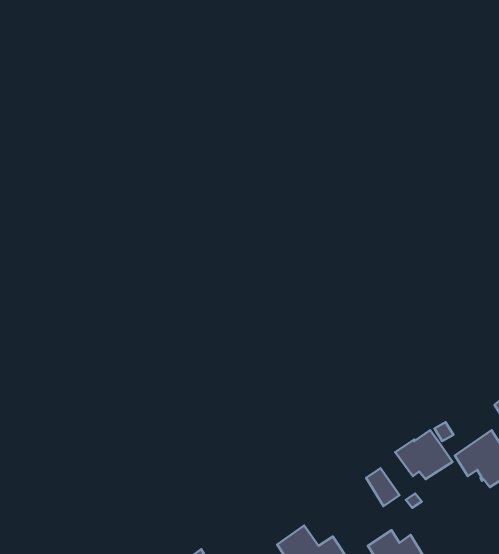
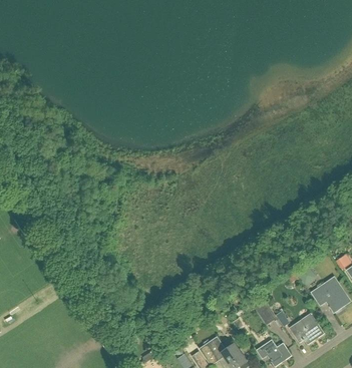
building: [395,430,452,479] -> [288,313,324,344]

